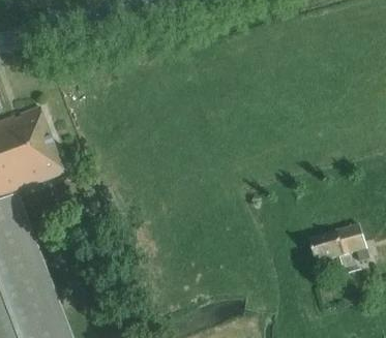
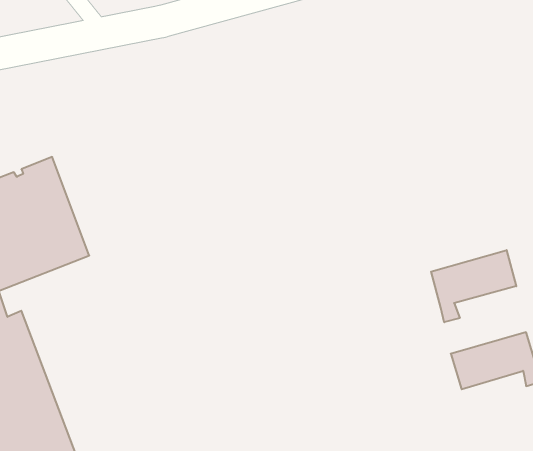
building: none -> [431,250,516,322]

